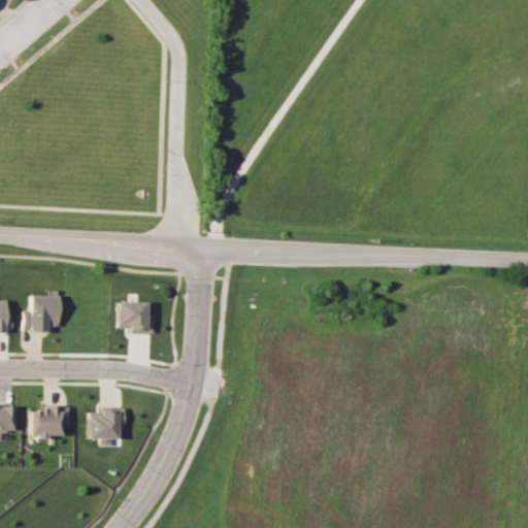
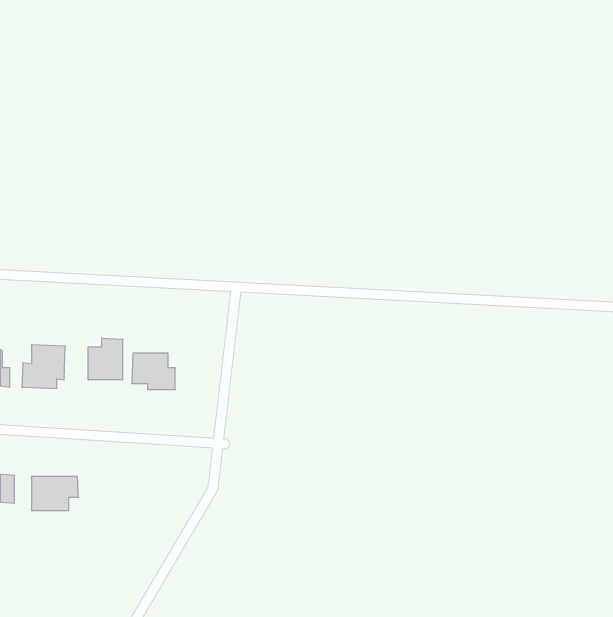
building: none -> [88,338,123,380]
building: [89,407,126,438] -> none

